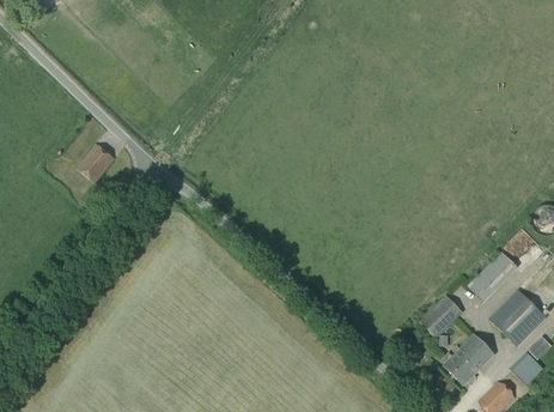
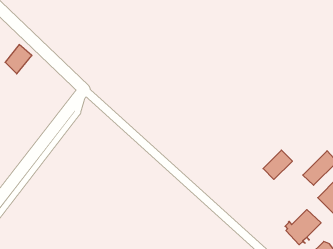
building: [77,143,115,184] -> [5,45,32,74]
building: [420,296,462,338] -> [263,150,292,179]

